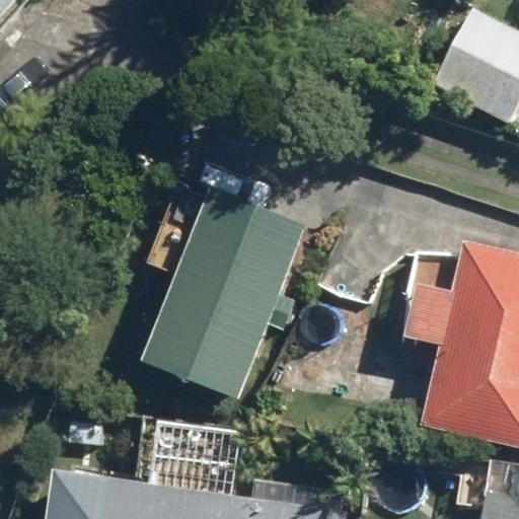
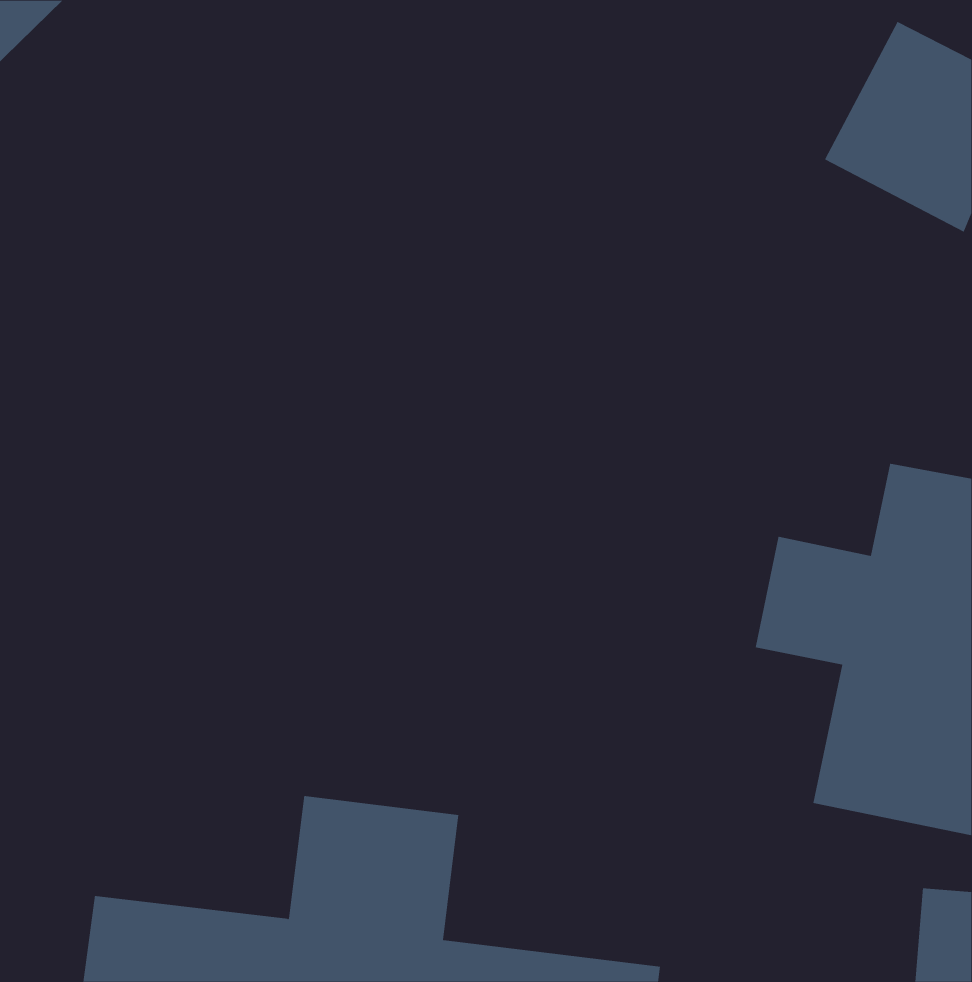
building: [150,182,308,394] -> none

